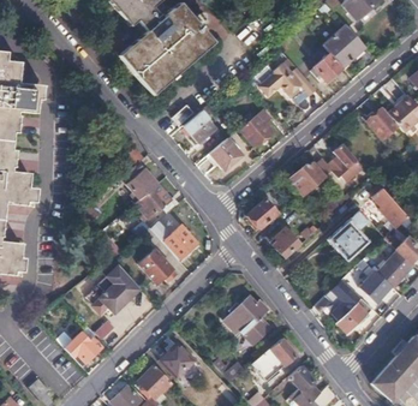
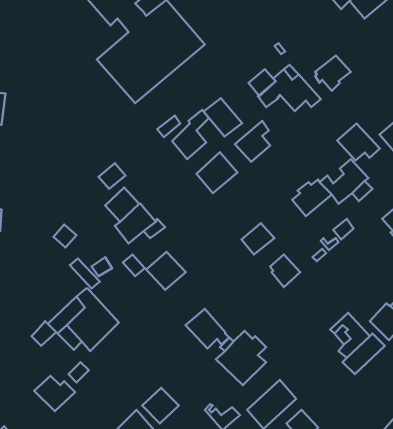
building: [323,24,366,66] -> none
building: none -> [203,98,242,136]
building: none -> [337,123,380,160]
building: [328,211,369,261] -> none
building: [139,249,178,283] -> [186,309,229,348]

